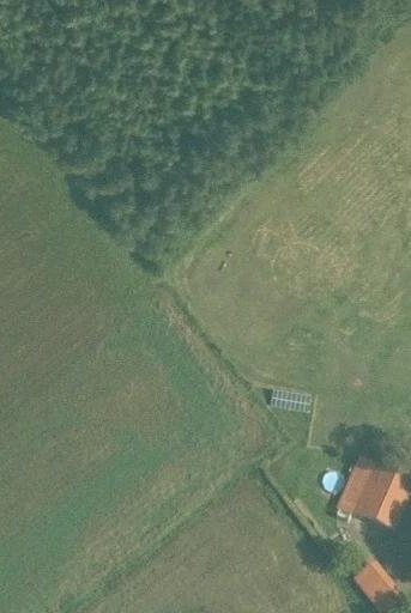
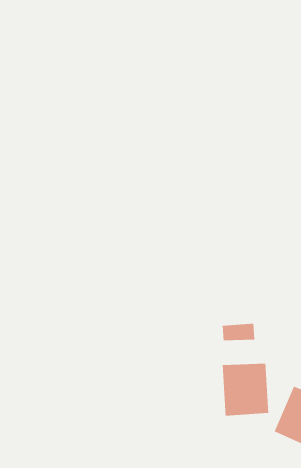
building: none -> [222,363,269,417]

